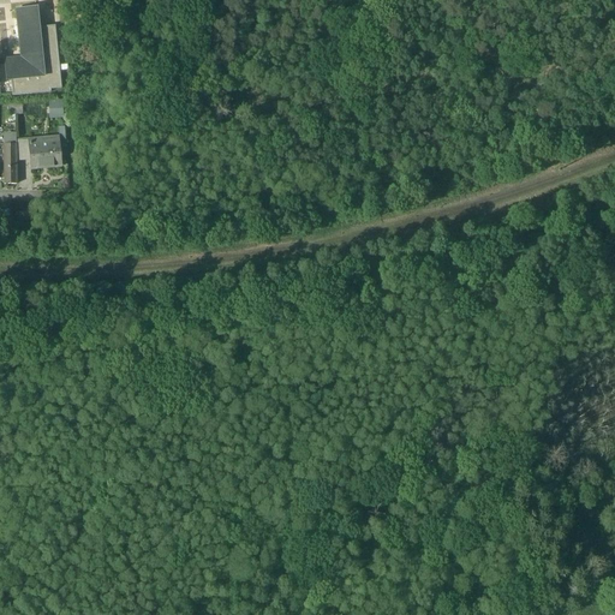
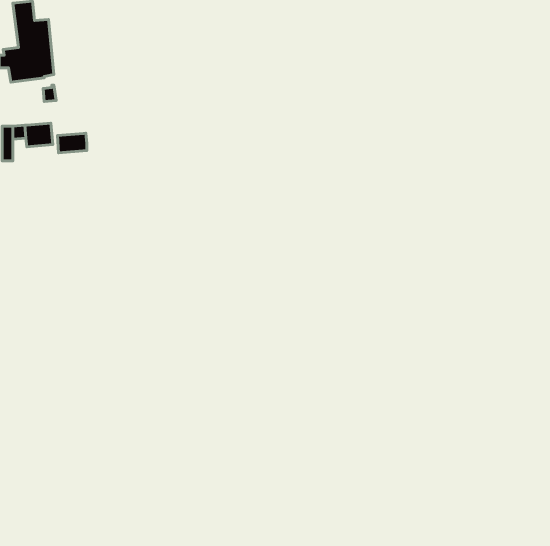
building: none -> [58,133,87,153]

